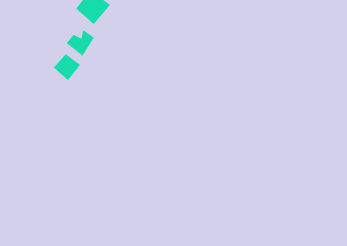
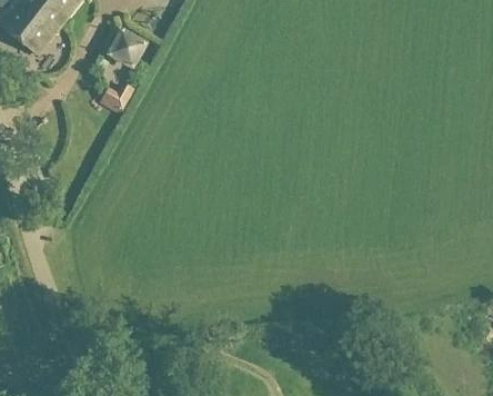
building: [53,53,81,81] -> none

